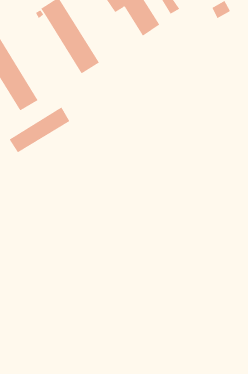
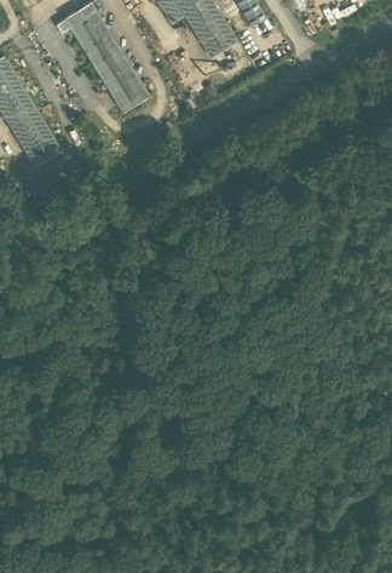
building: [9,107,70,153] -> none

